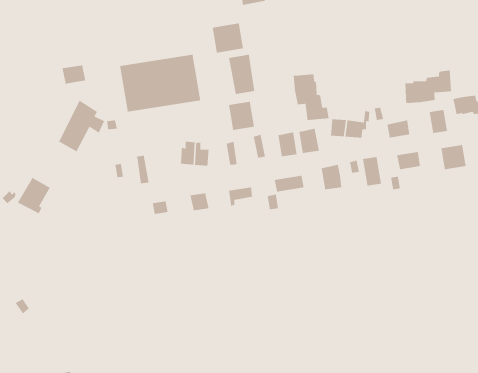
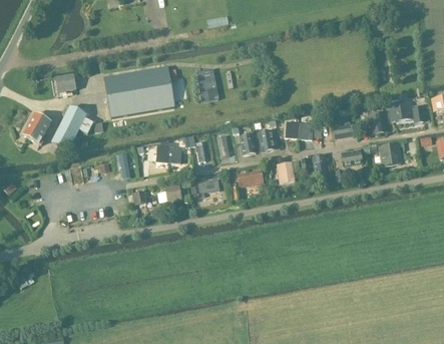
building: [212,23,244,54] -> none
building: [404,70,452,104] -> none
building: [293,73,330,121] -> none
building: [228,101,255,131] -> none
building: [17,177,51,214] -> [22,112,51,144]

